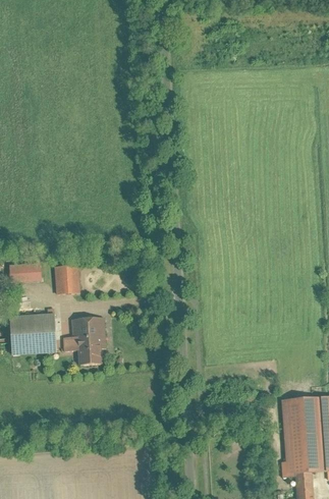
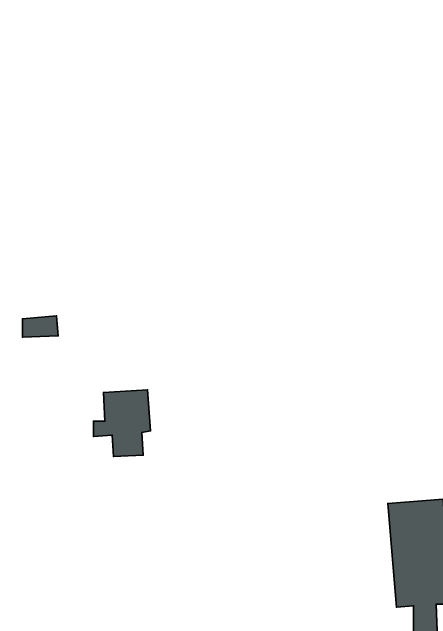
building: [54,265,78,295] -> none
building: [10,314,57,354] -> none

